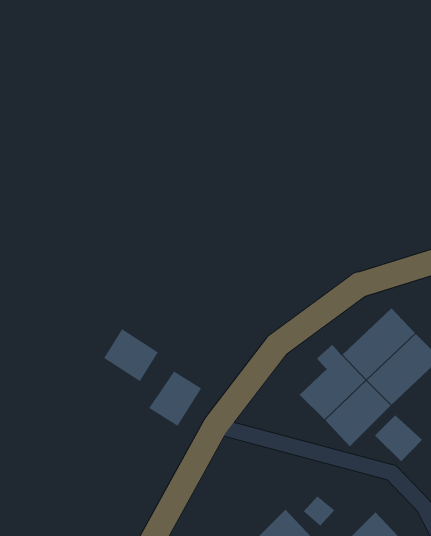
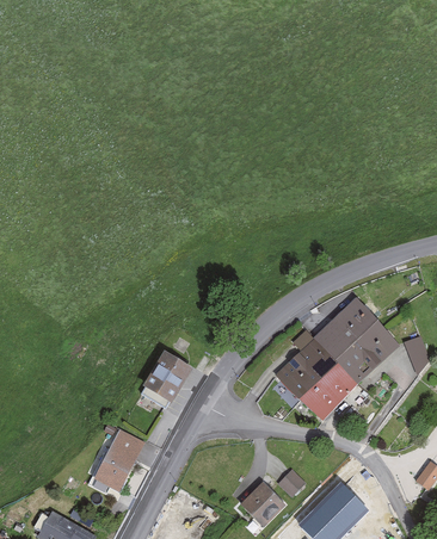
building: [103,328,159,382] -> none
building: [374,415,423,462] -> none
building: none -> [91,430,143,492]

